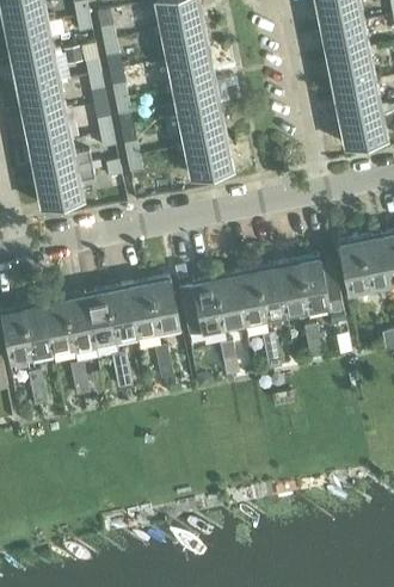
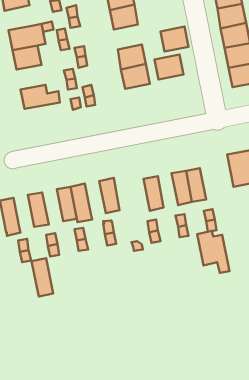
building: [7,24,50,61] -> none
building: [170,52,211,89] -> [160,27,188,52]
building: [25,112,68,149] -> none
building: [186,141,229,178] -> [154,55,183,79]
building: [37,168,93,208] -> none
building: [297,261,345,323] -> [197,231,229,273]
building: [235,273,265,328] -> none
building: [179,282,223,335] -> none
building: [127,285,158,336] -> none
building: [63,297,96,354] -> [32,258,53,297]
building: [20,305,51,358] -> none

